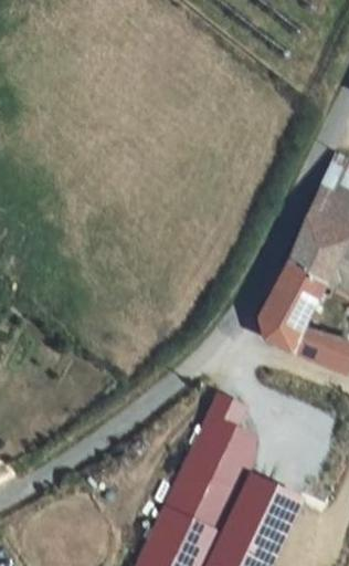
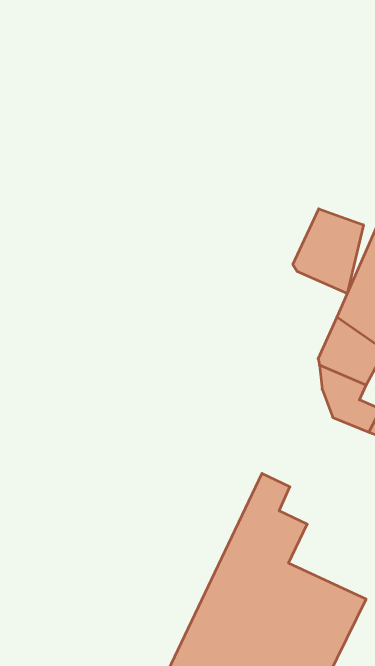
building: none -> [293,209,363,294]

